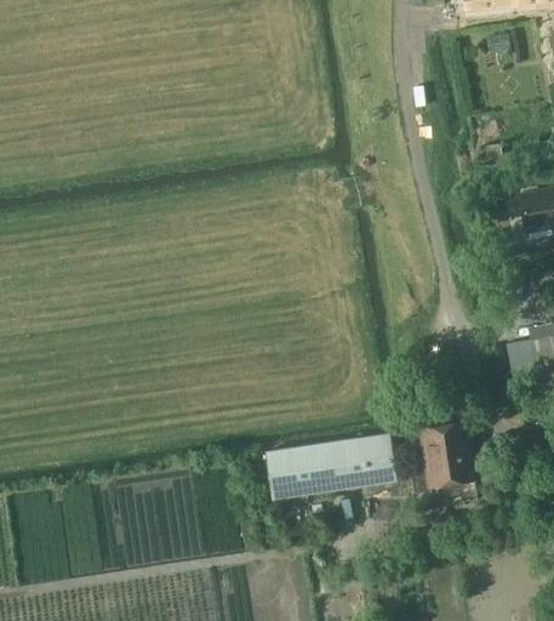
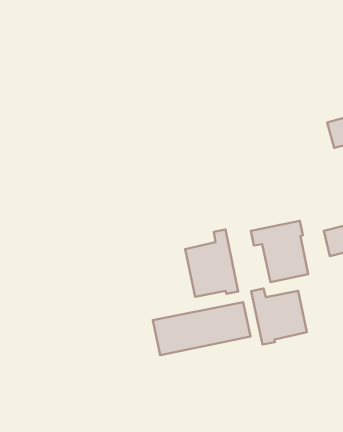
building: none -> [251,221,308,282]
building: none -> [185,229,238,297]

